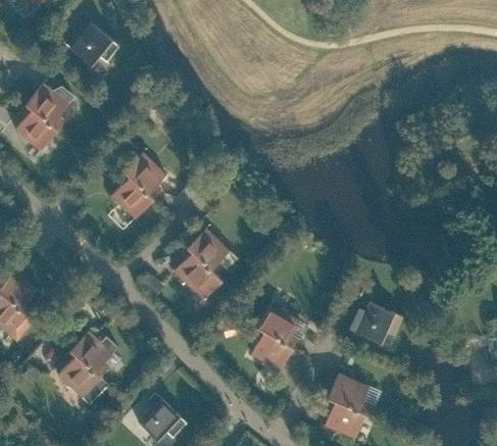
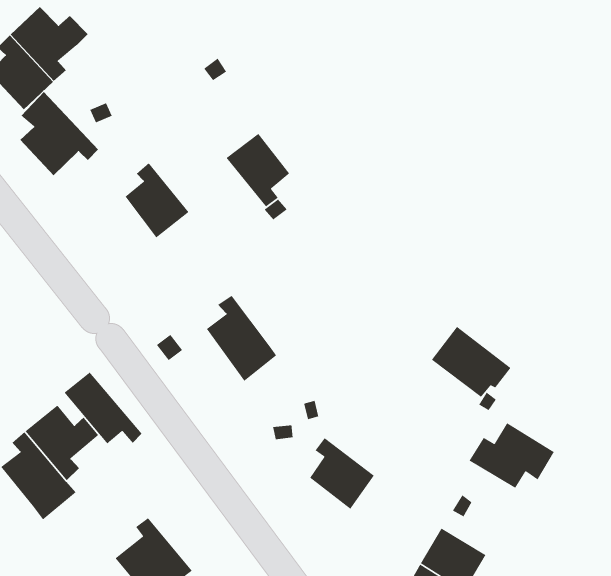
building: none -> [19,91,99,176]
building: [125,154,166,200] -> [225,133,290,208]
building: [188,230,230,277] -> none
building: [258,305,309,348] -> [431,326,512,398]
building: none -> [64,371,143,444]

